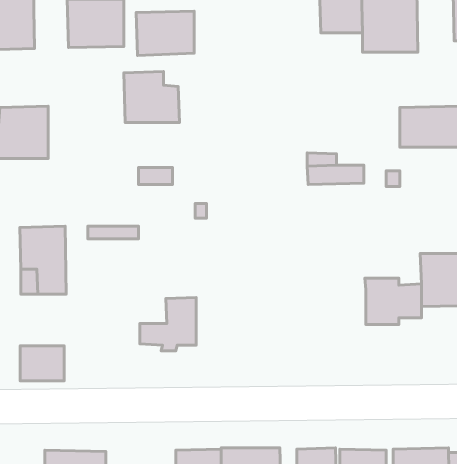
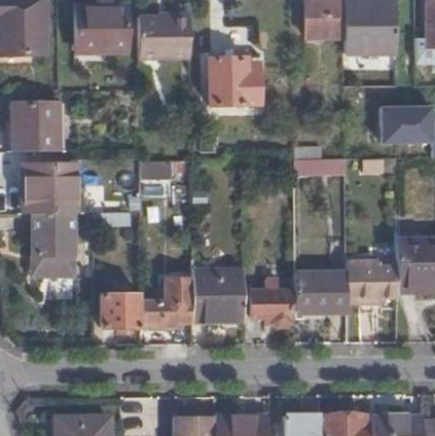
building: [124,72,179,123] -> [210,58,260,104]
building: none -> [23,166,78,215]
building: none -> [193,268,245,322]
building: none -> [296,271,348,314]
building: none -> [252,280,292,328]
building: [20,346,64,381] -> [102,295,142,327]

